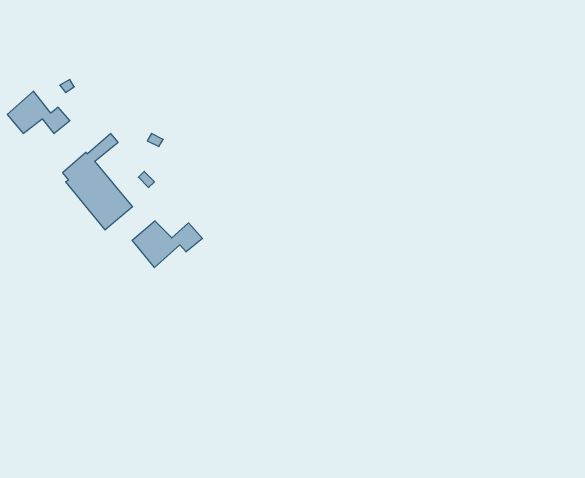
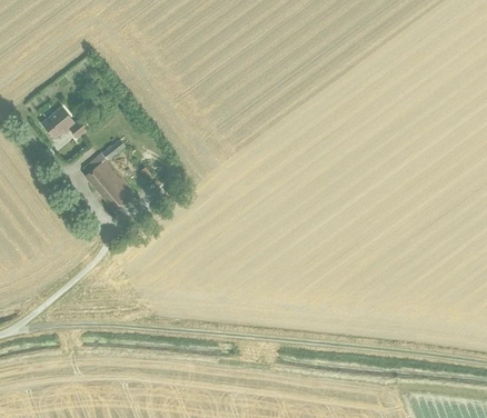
building: [132,221,202,268] -> none

